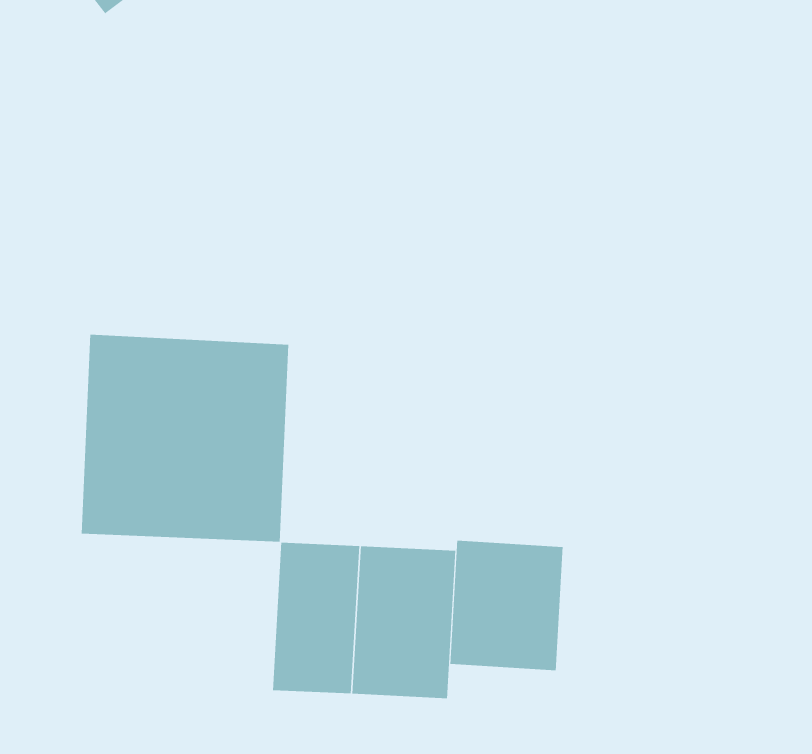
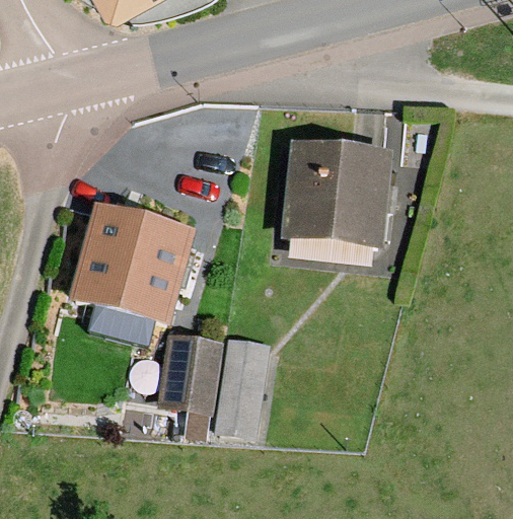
building: none -> [284,142,389,267]
building: [450,540,563,671] -> none

